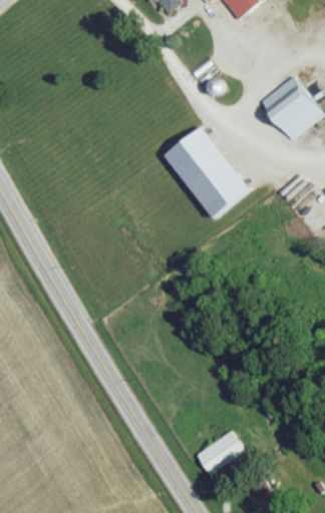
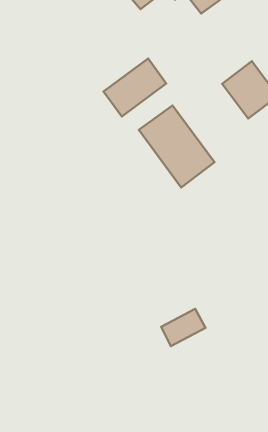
building: none -> [104,58,166,117]
building: [193,431,244,474] -> [161,309,206,346]

